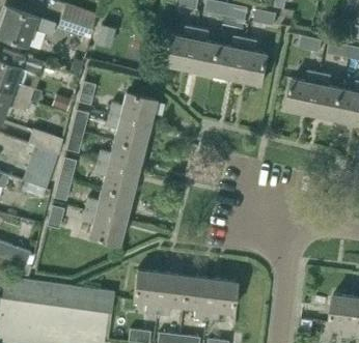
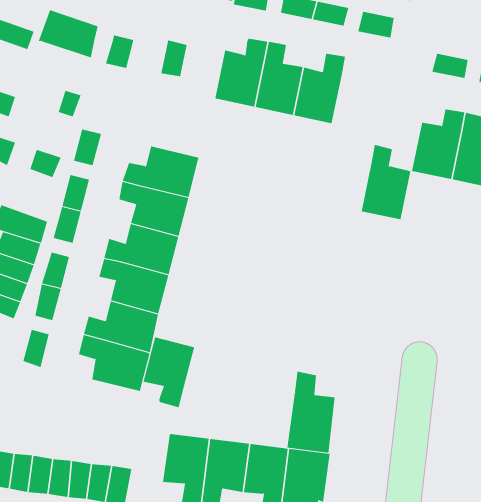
building: [238,37,269,84] -> [361,144,411,220]
building: none -> [143,336,195,408]
building: none -> [287,371,335,453]

